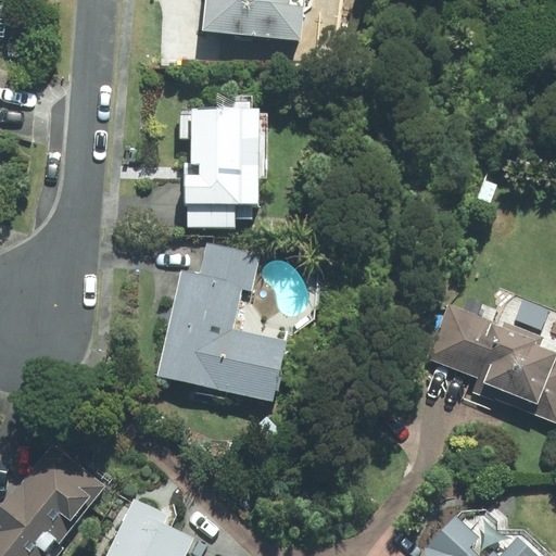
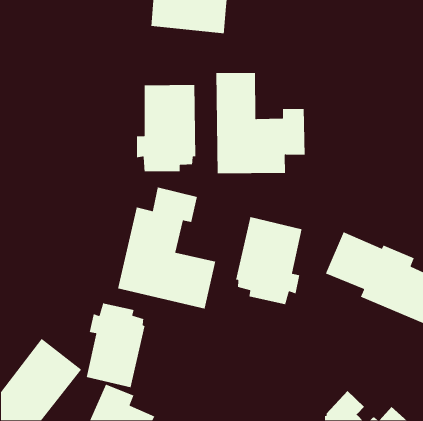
building: none -> [216,72,305,174]
building: none -> [235,216,302,305]
building: none -> [86,302,146,388]

